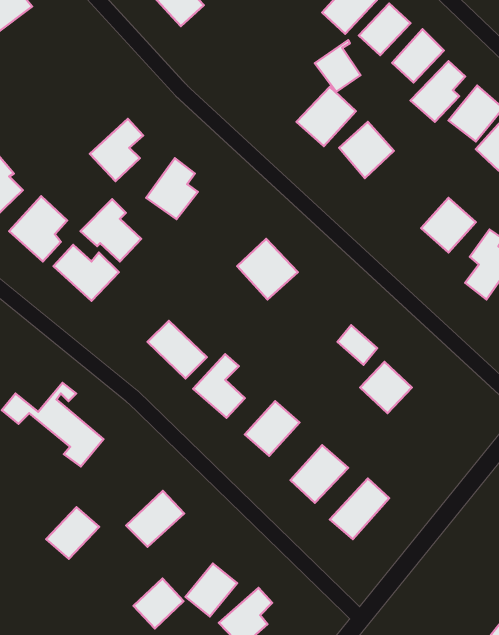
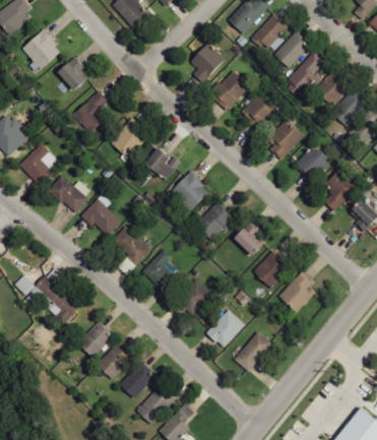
building: none -> [22,29,62,70]
building: [315,40,360,92] -> [188,47,218,81]
building: none -> [58,56,87,90]
building: none -> [263,118,304,160]
building: [80,199,141,261] -> [80,194,121,236]
building: none -> [146,146,180,177]
building: none -> [197,200,234,238]
building: none -> [277,272,316,312]
building: [46,507,99,559] -> [78,321,114,356]
building: [133,578,184,629] -> [119,364,152,397]

